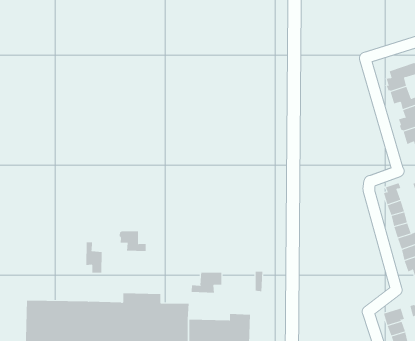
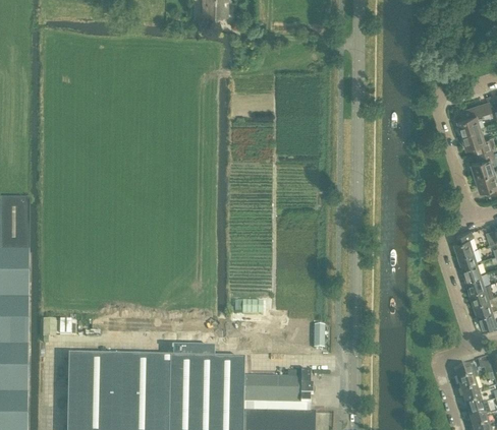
building: [119,230,146,252] -> none
building: [86,242,102,274] -> none
building: [191,272,222,293] -> none

